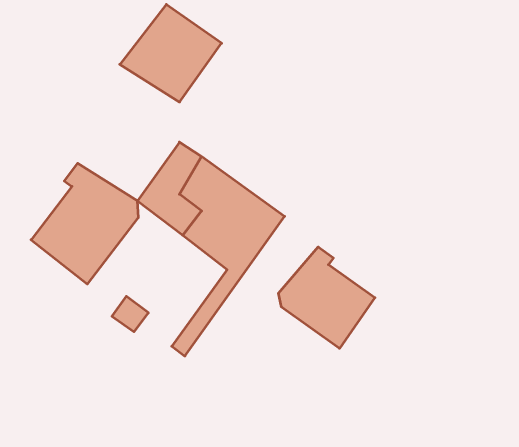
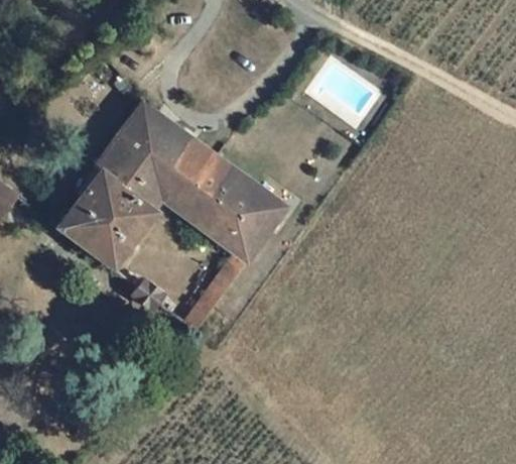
building: [120,4,222,102] -> [99,103,191,192]
building: [278,247,375,348] -> none

